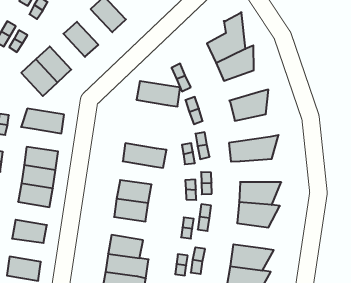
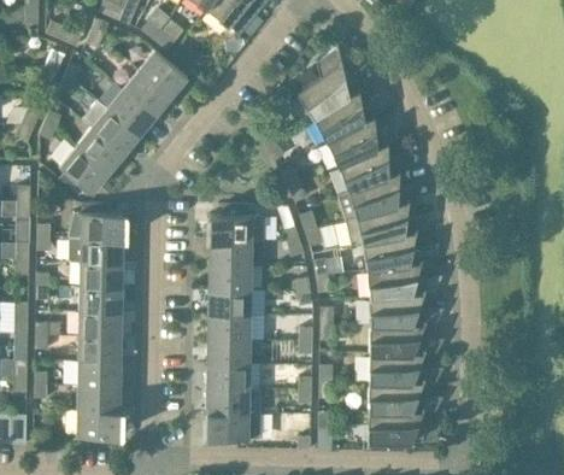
building: none -> [123,71,171,117]
building: none -> [82,101,140,154]
building: none -> [327,117,377,166]
building: [136,81,180,106] -> [208,216,264,242]
building: none -> [348,174,399,218]
building: none -> [69,239,123,264]
building: none -> [363,234,416,271]
building: none -> [208,265,251,291]
building: none -> [78,338,121,363]
building: none -> [207,340,249,365]
building: none -> [369,326,424,354]
building: none -> [77,387,119,412]

